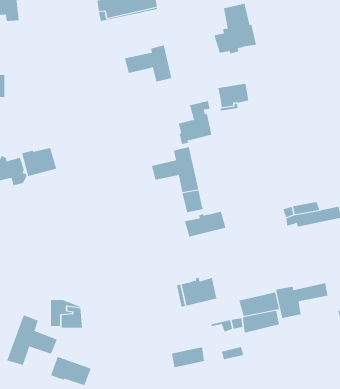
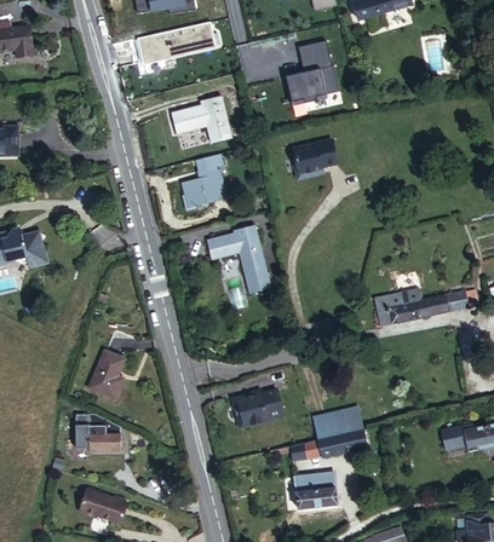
building: [178,100,212,145] -> [174,152,218,208]
building: [22,147,57,177] -> none
building: [184,211,226,238] -> none
building: none -> [88,348,123,398]
building: [276,283,328,319] -> none
building: [7,314,57,367] -> none
building: [171,347,205,368] -> [297,482,339,508]

